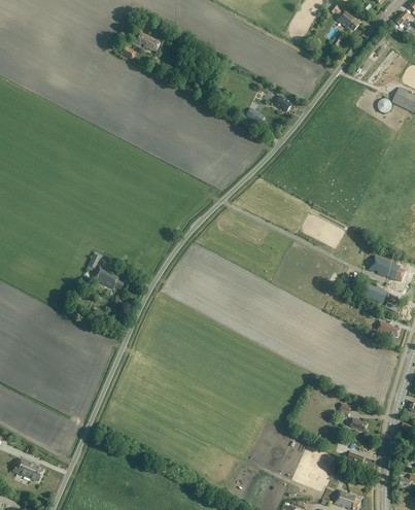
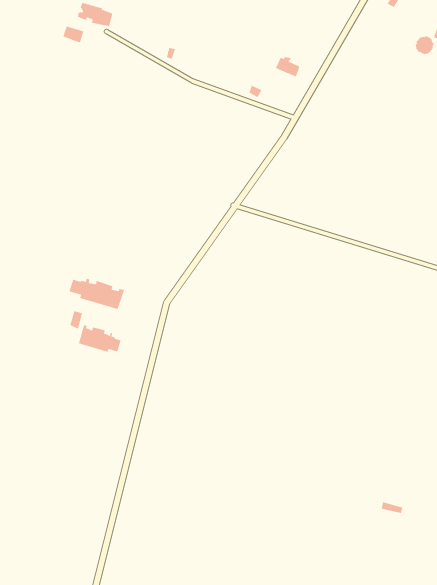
building: none -> [69,278,125,310]

